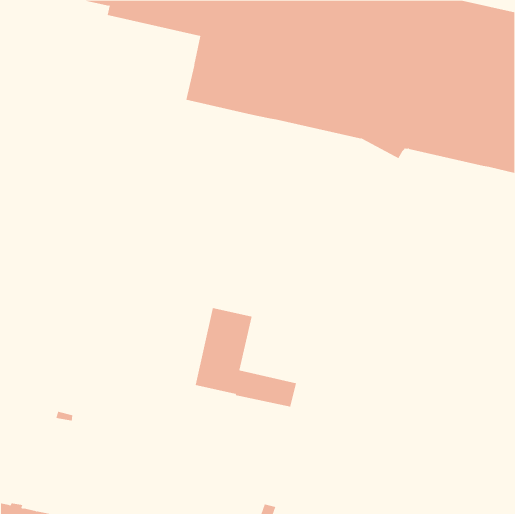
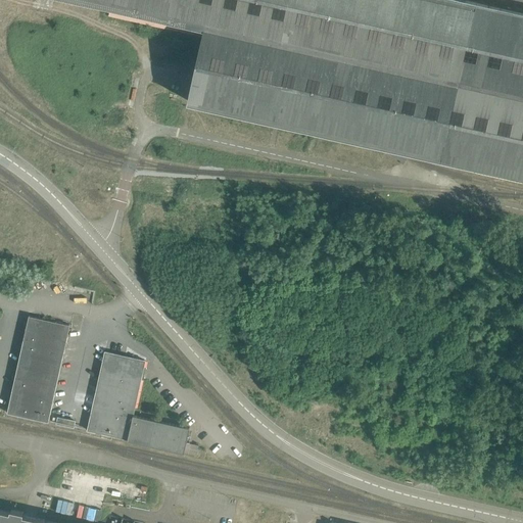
building: [195,308,297,407] -> [87,352,190,454]
building: none -> [7,317,69,422]

